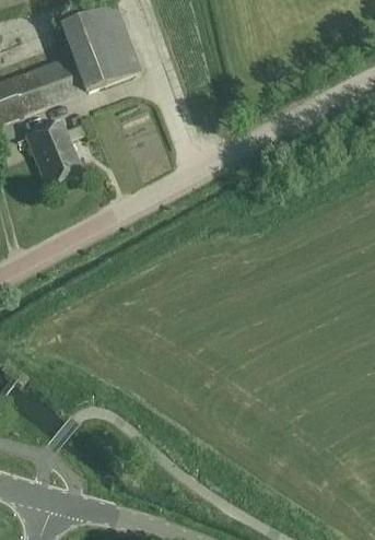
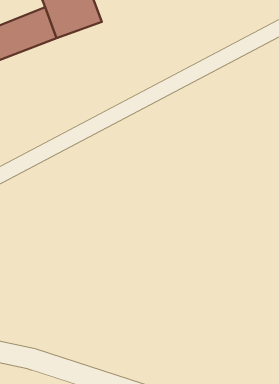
building: [26,120,84,186] -> none

